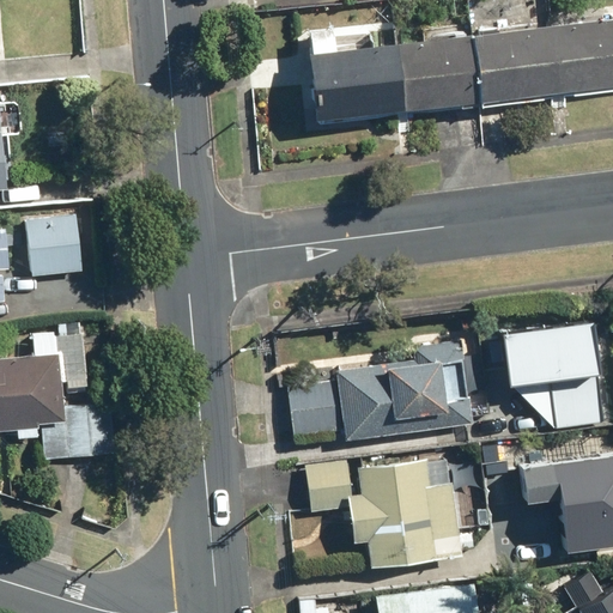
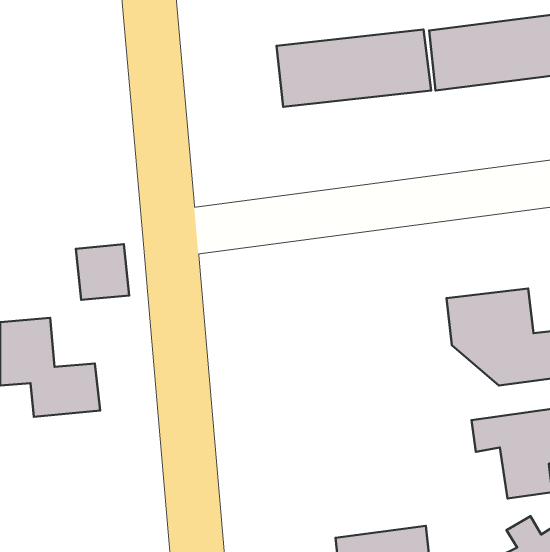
building: [25,216,84,277] -> [76,244,129,300]
building: [287,341,474,443] -> none
building: [304,460,463,569] -> none

